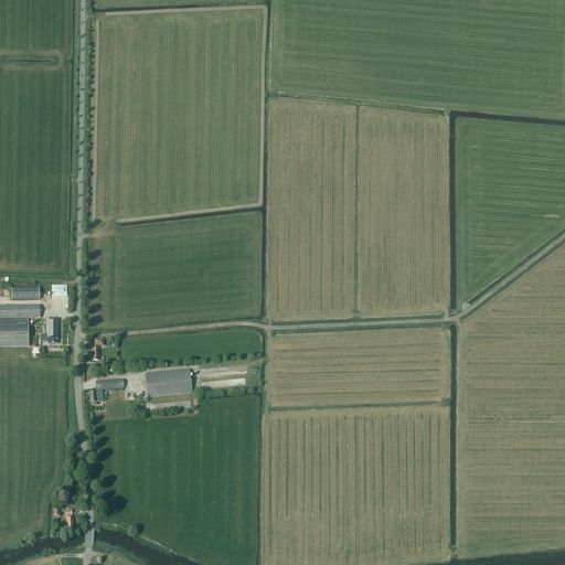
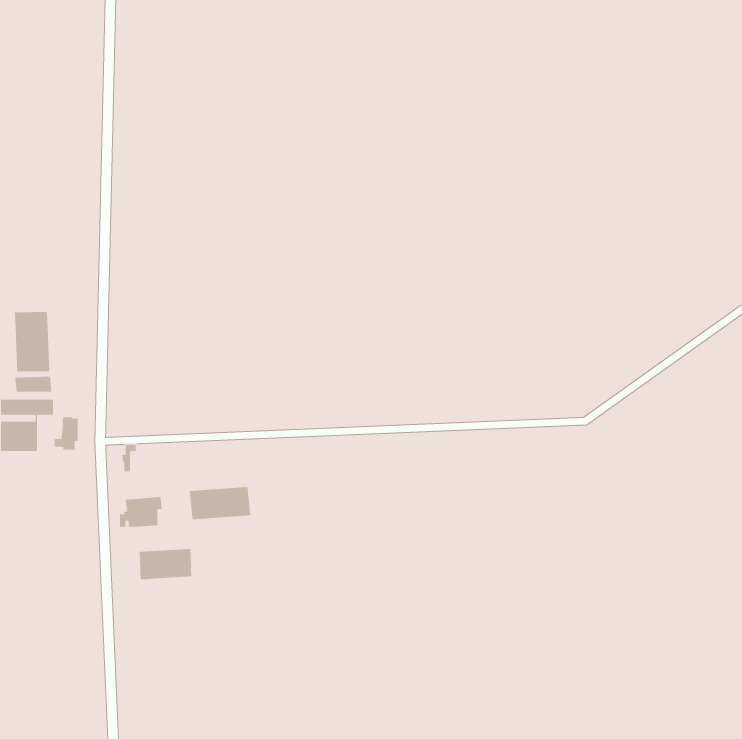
building: none -> [15,311,50,372]
building: none -> [139,548,192,580]

